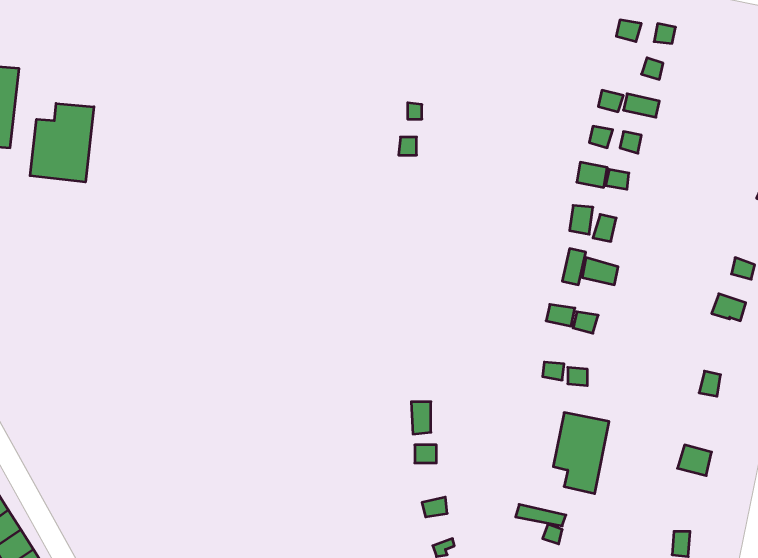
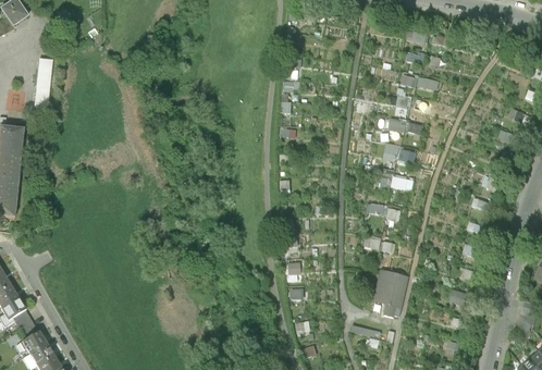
building: [30,103,94,182] -> none

